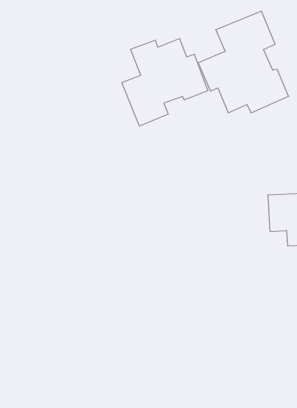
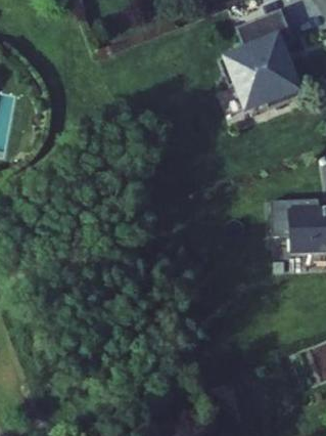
building: [122,38,208,126] -> none

